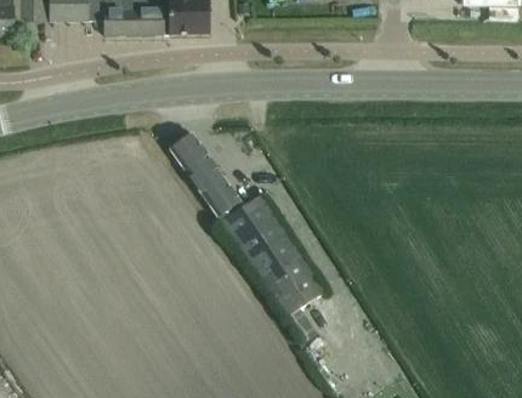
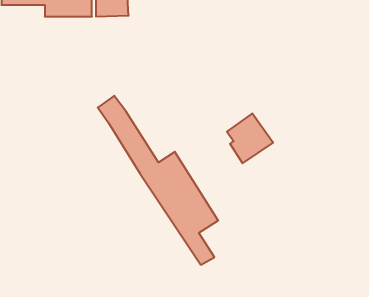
building: none -> [227,113,273,163]

